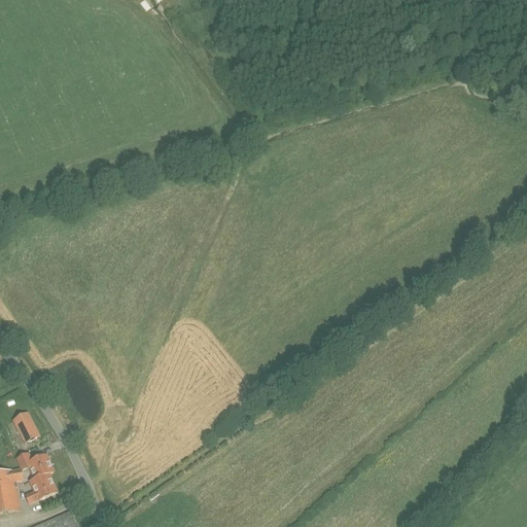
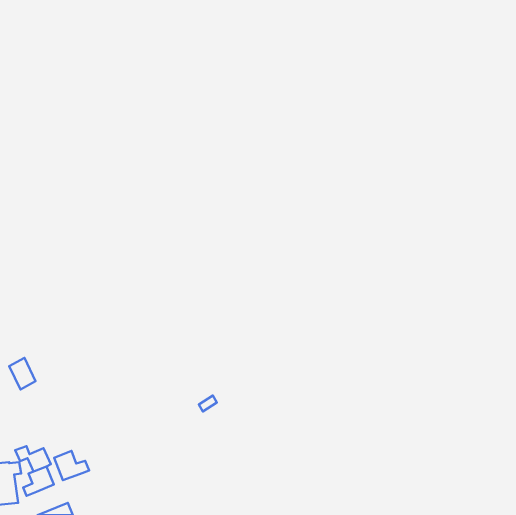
building: [11,411,38,443] -> [9,358,36,389]
building: none -> [54,451,89,480]

